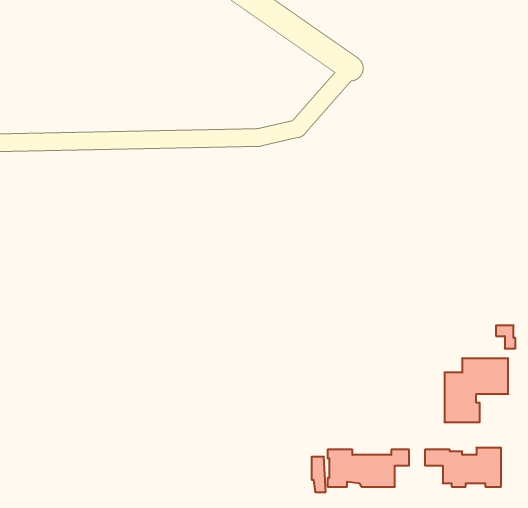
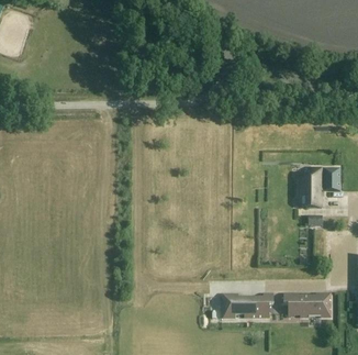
building: [444,358,508,422] -> [300,167,339,207]

